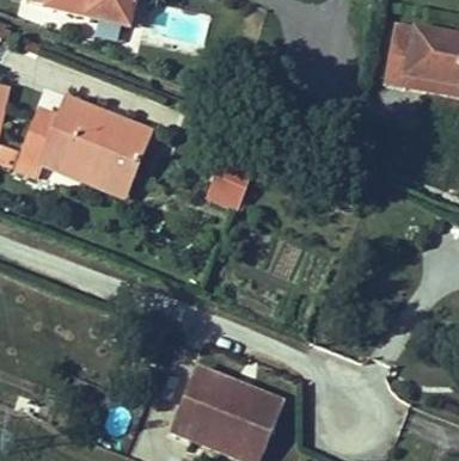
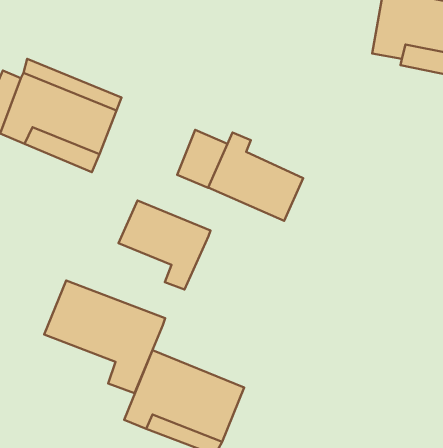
building: none -> [208,132,303,221]
building: none -> [119,200,210,290]
building: none -> [44,280,165,393]

